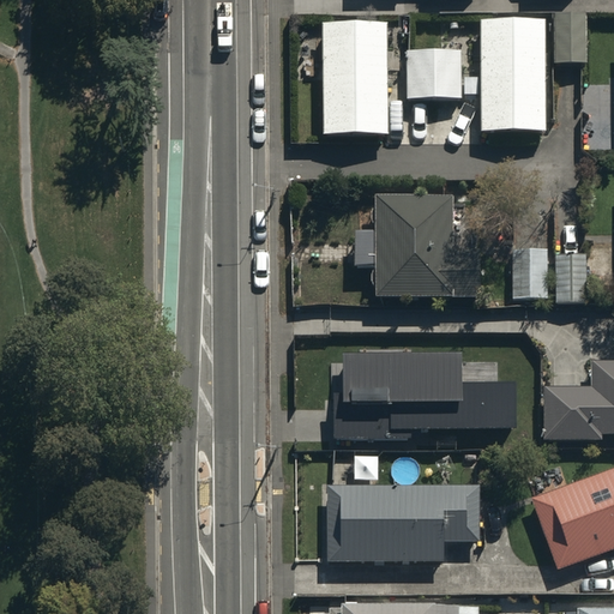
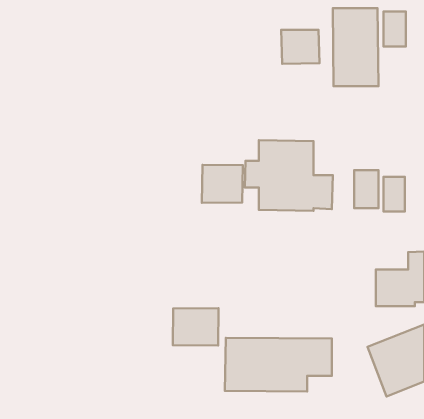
building: [323,17,387,130] -> none
building: none -> [202,165,243,203]
building: [333,344,514,433] -> none
building: none -> [173,308,219,346]

